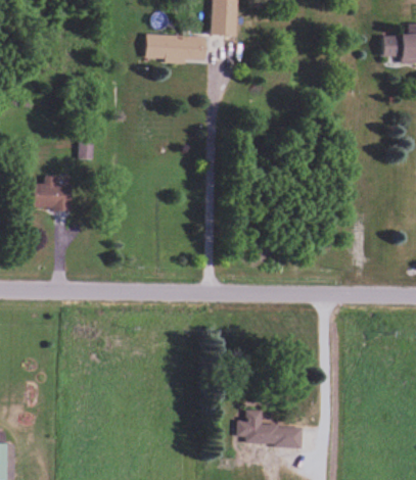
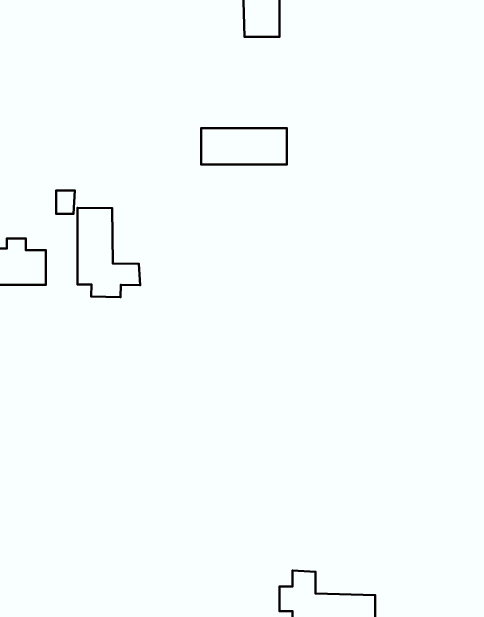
building: [146,35,206,60] -> [201,128,287,164]
building: none -> [77,208,140,297]

